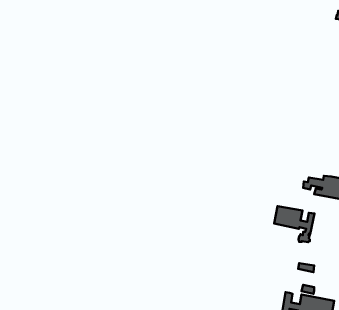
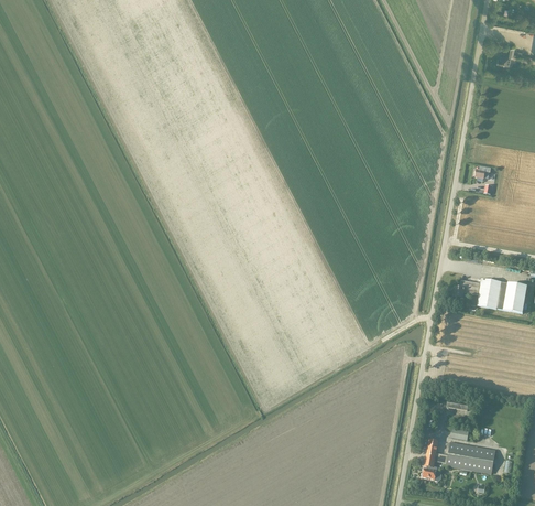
building: [274,206,314,242] -> none

